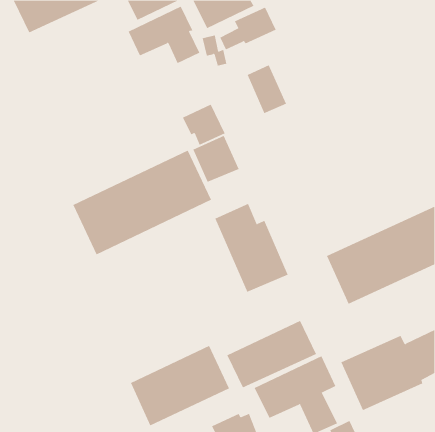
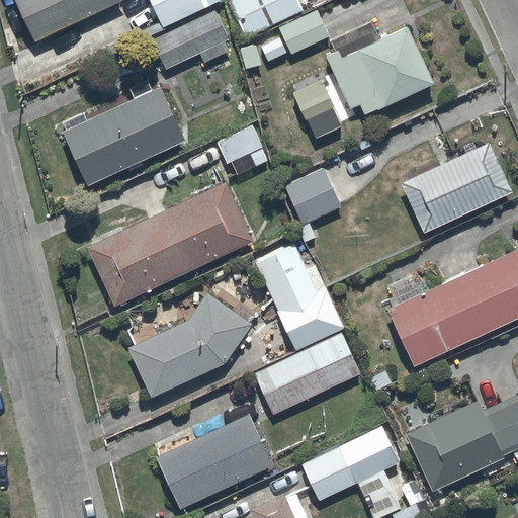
building: none -> [325,23,433,114]
building: none -> [63,81,185,184]
building: none -> [401,143,511,232]
building: [193,135,239,183] -> [284,168,340,225]
building: none -> [127,293,251,398]
building: [226,320,317,388] -> [253,334,360,415]

